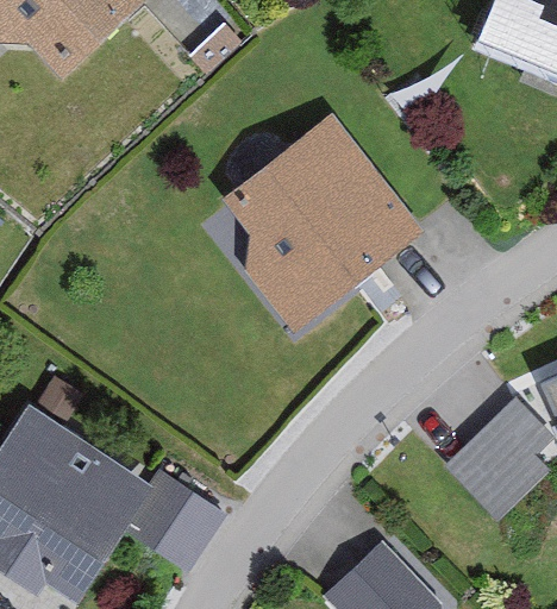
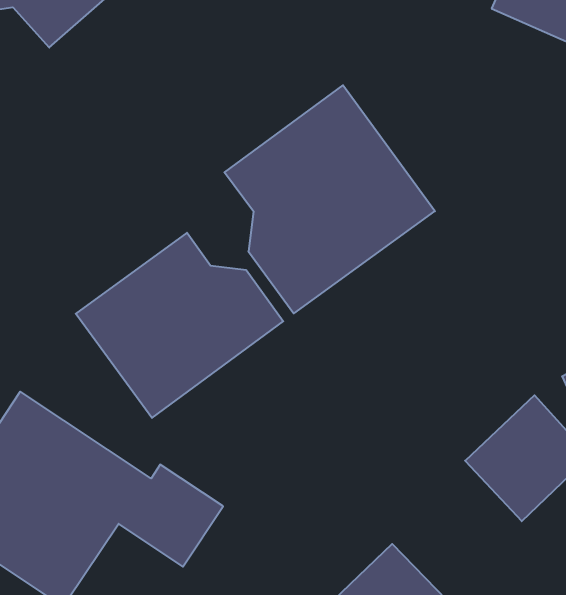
building: none -> [76,233,283,418]

